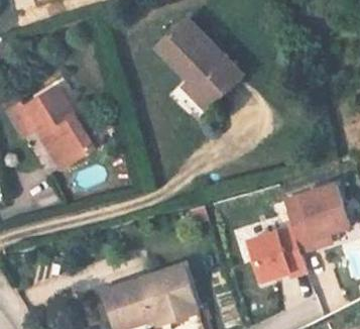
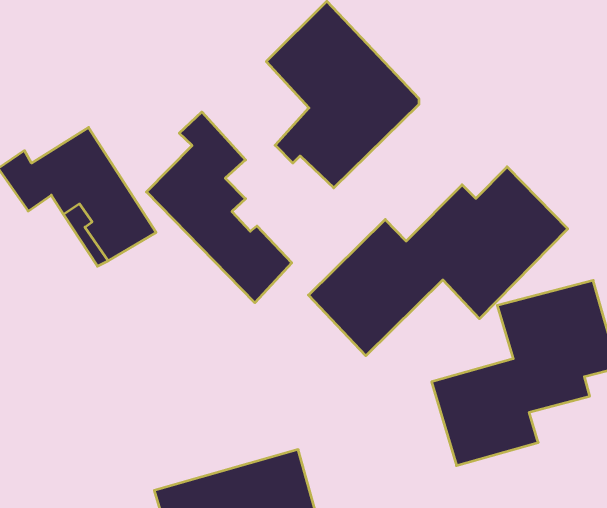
building: none -> [146,112,292,303]
building: none -> [308,167,568,356]

